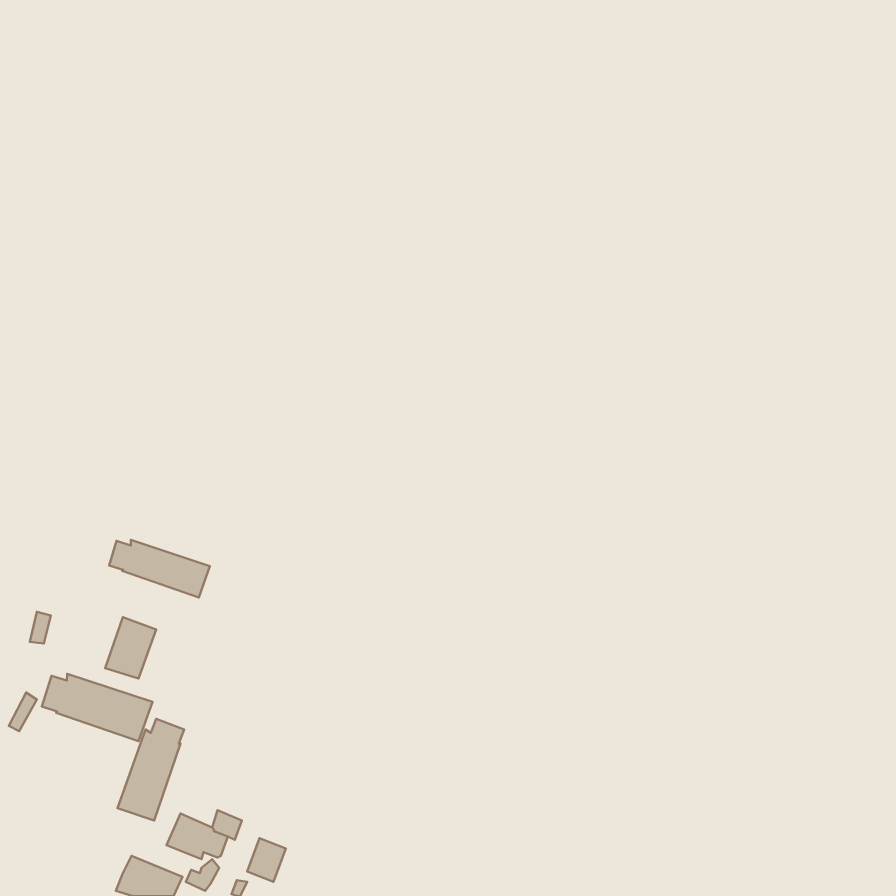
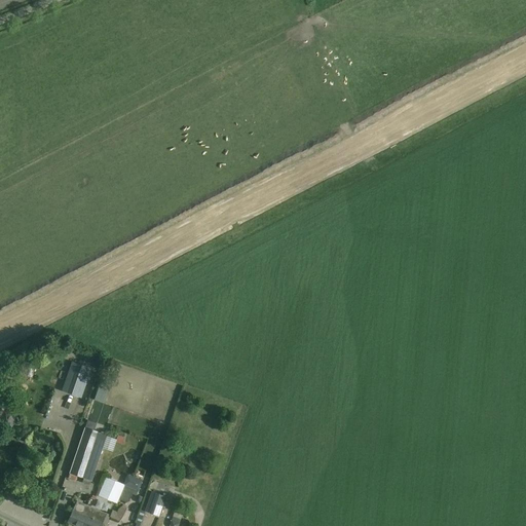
building: [109,540,210,597] -> none
building: [42,674,152,741] -> none

